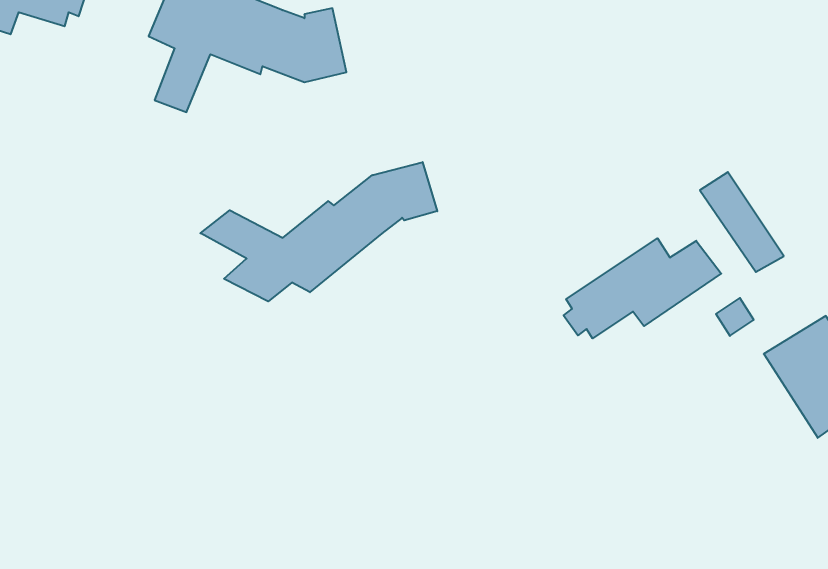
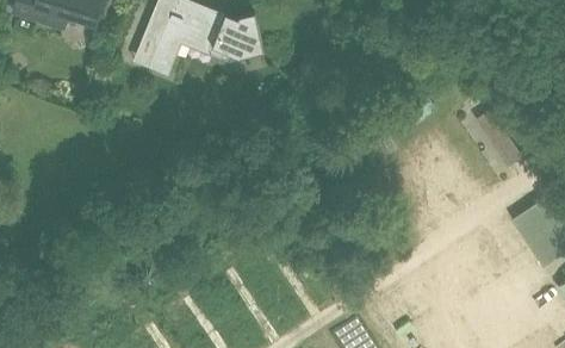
building: [200,162,437,301] -> none
building: [564,238,721,338] -> none

